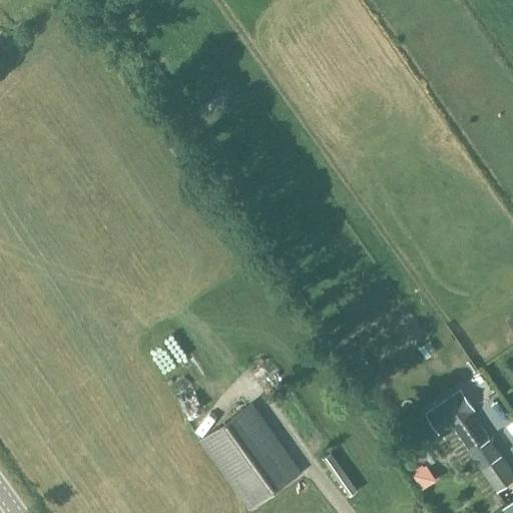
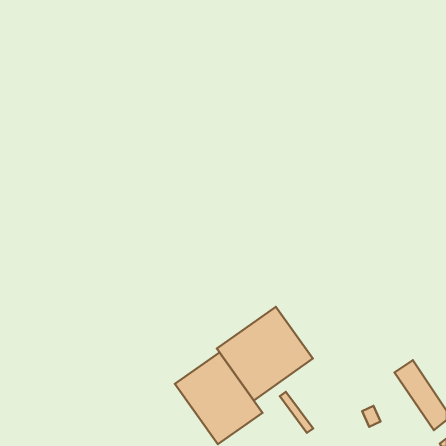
building: none -> [217,307,313,400]
building: [426,391,476,437] -> none

